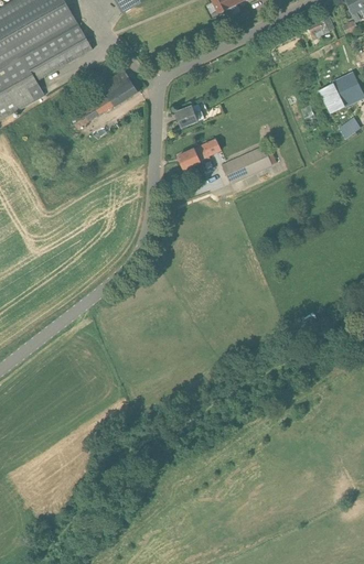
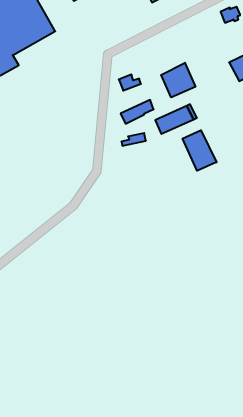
building: [72,70,138,129] -> none
building: none -> [161,63,195,97]
building: none -> [183,130,217,171]

